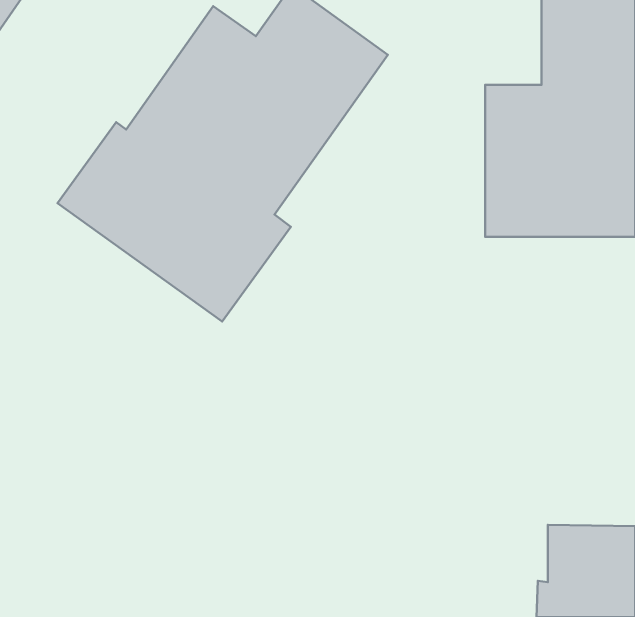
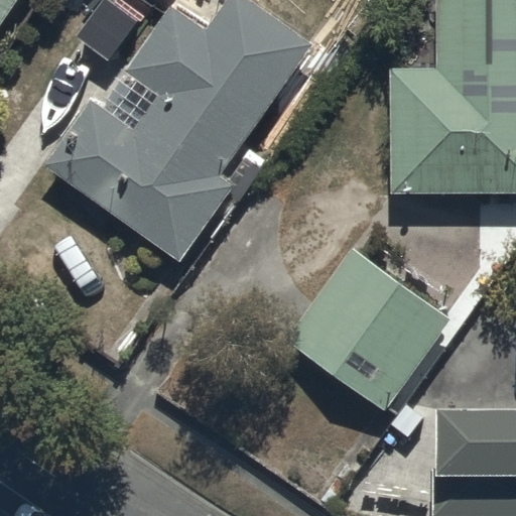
building: none -> [288,251,448,409]

